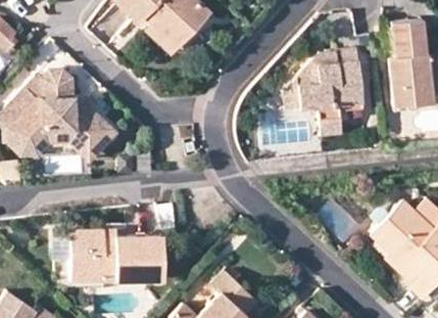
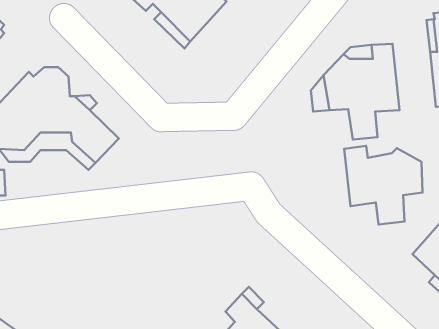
building: none -> [344,146,423,224]
building: [69,230,163,280] -> none

